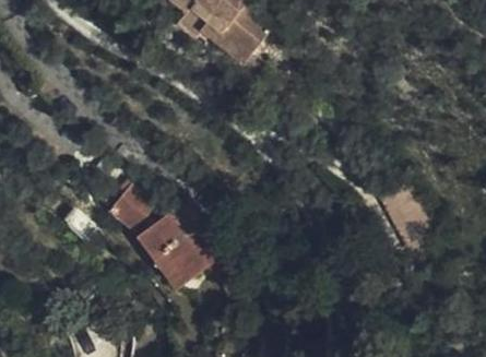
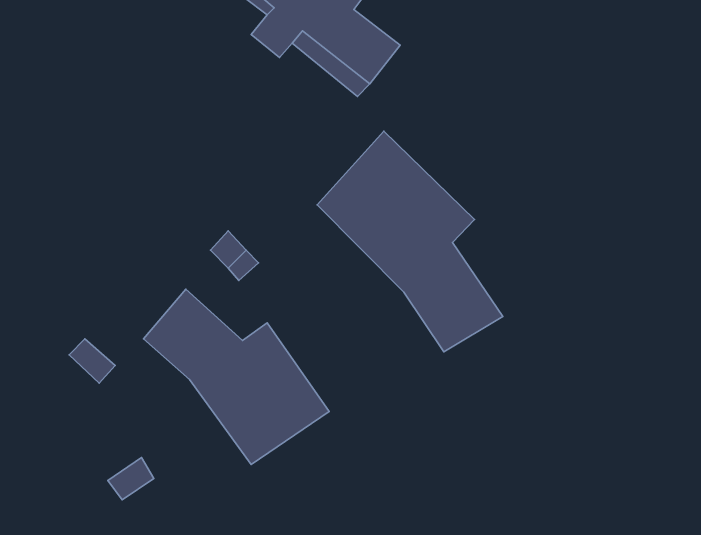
building: none -> [317,131,503,352]

